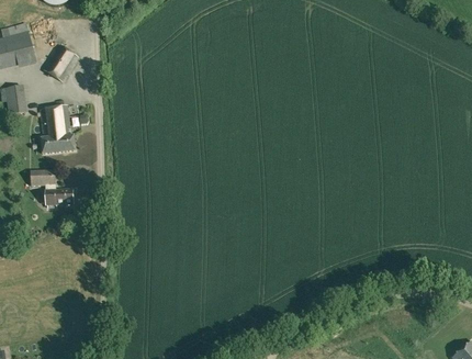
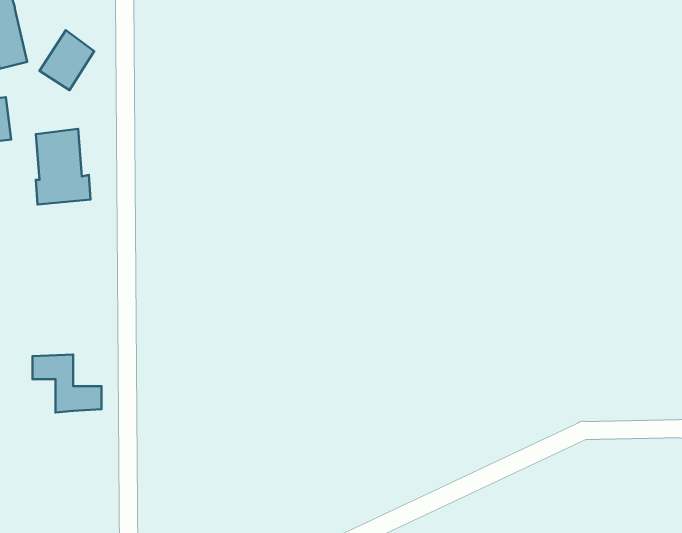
building: [30,169,72,205] -> [33,354,101,413]

